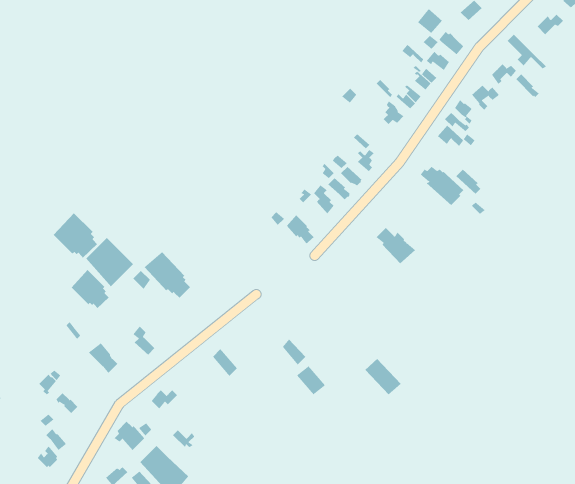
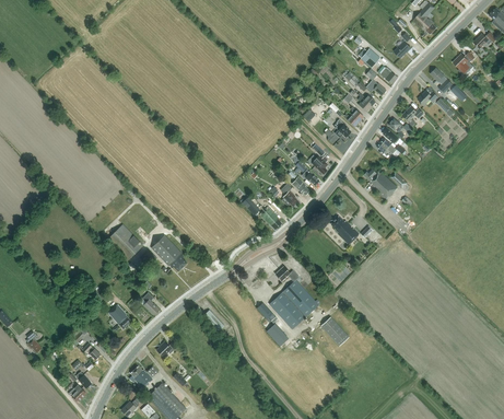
building: [53,212,98,258] -> none
building: [71,269,109,309] -> none
building: none -> [269,266,317,329]

